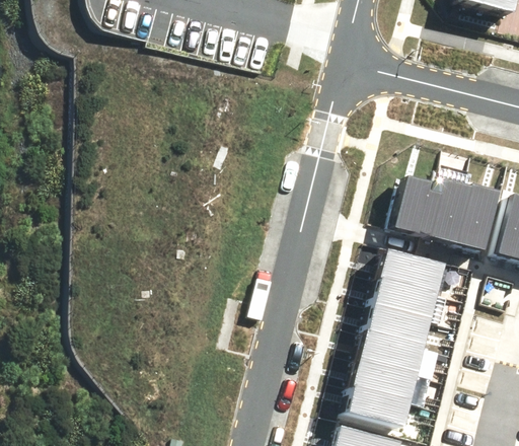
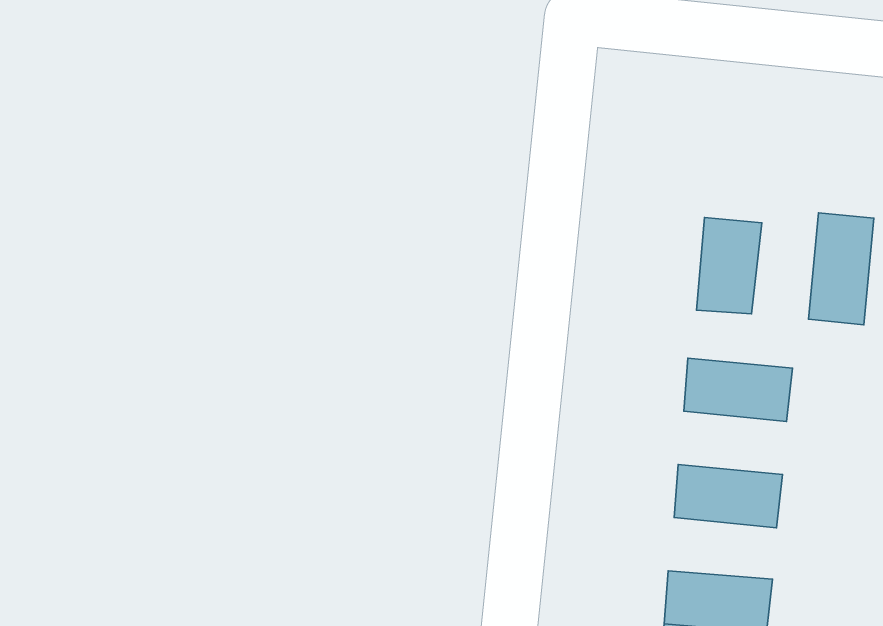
building: [426,177,468,239] -> none
building: [376,278,436,318] -> none
building: [363,332,423,372] -> none

